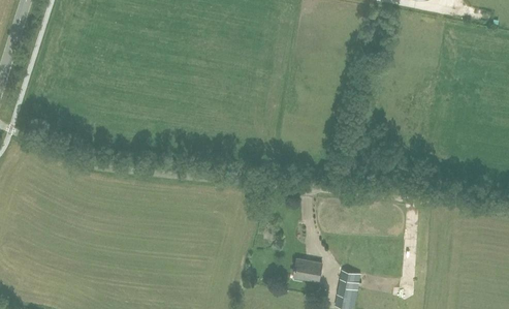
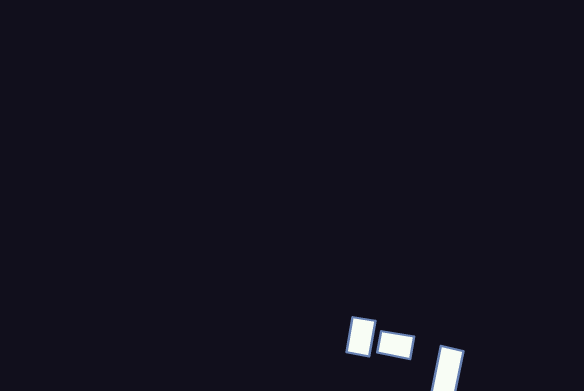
building: none -> [347,317,376,356]

